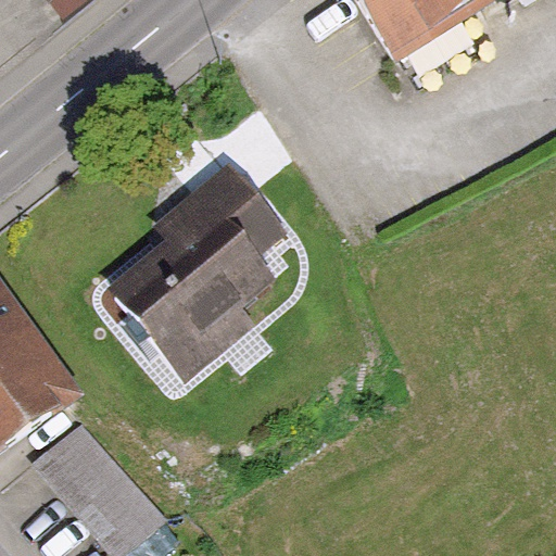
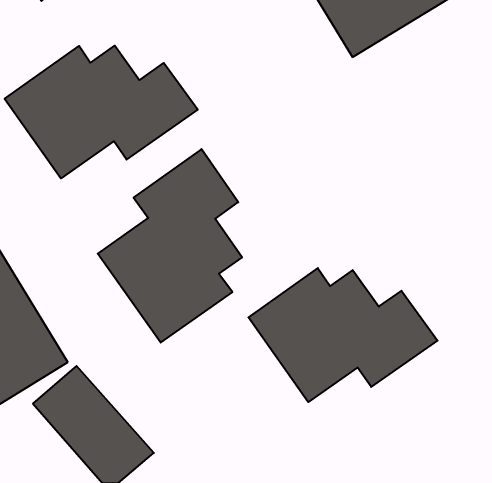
building: none -> [5,46,198,178]
building: none -> [248,268,438,402]

